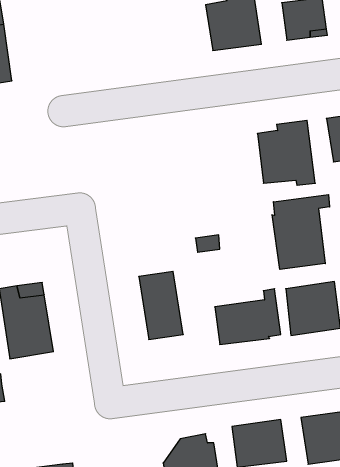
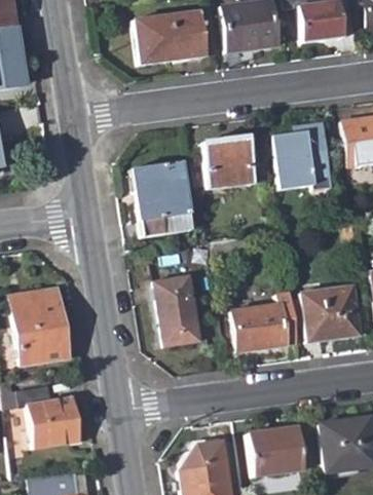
building: none -> [135,10,208,65]
building: none -> [202,136,256,190]
building: none -> [132,162,193,236]
building: [272,195,330,269] -> none
building: none -> [20,385,81,448]

